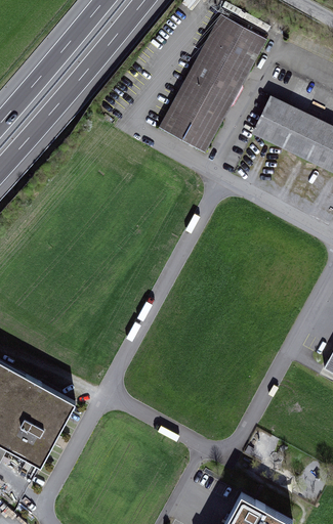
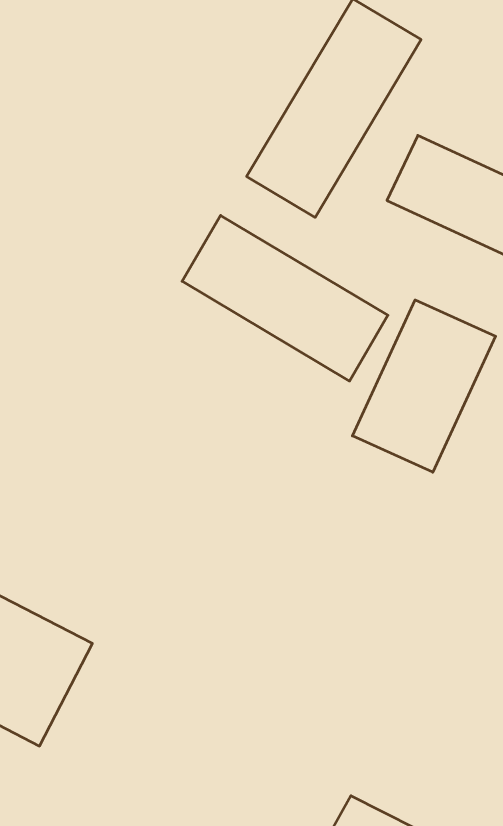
building: none -> [182,215,388,381]
building: none -> [352,300,496,472]

